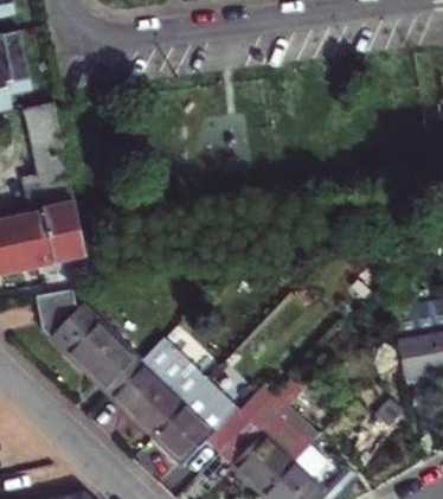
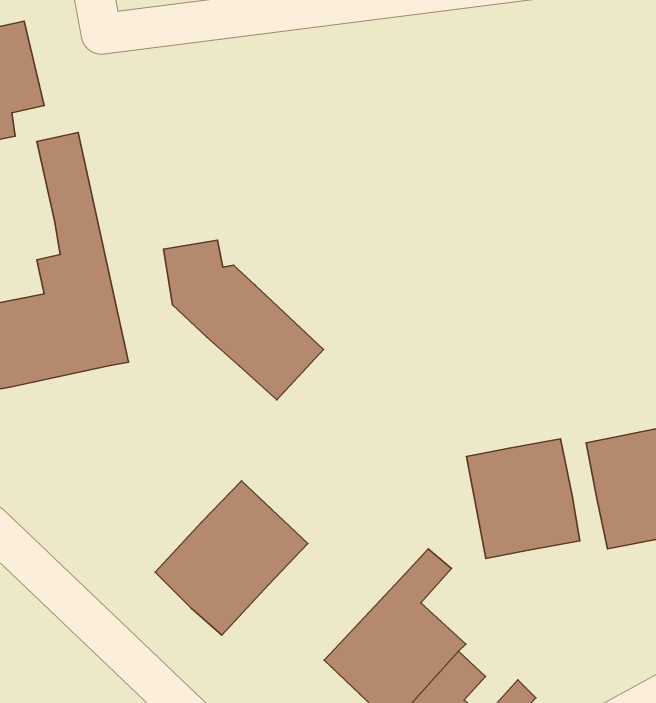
building: [33,290,139,396] -> [164,240,323,400]
building: none -> [467,439,580,559]
building: [152,377,272,466] -> none

